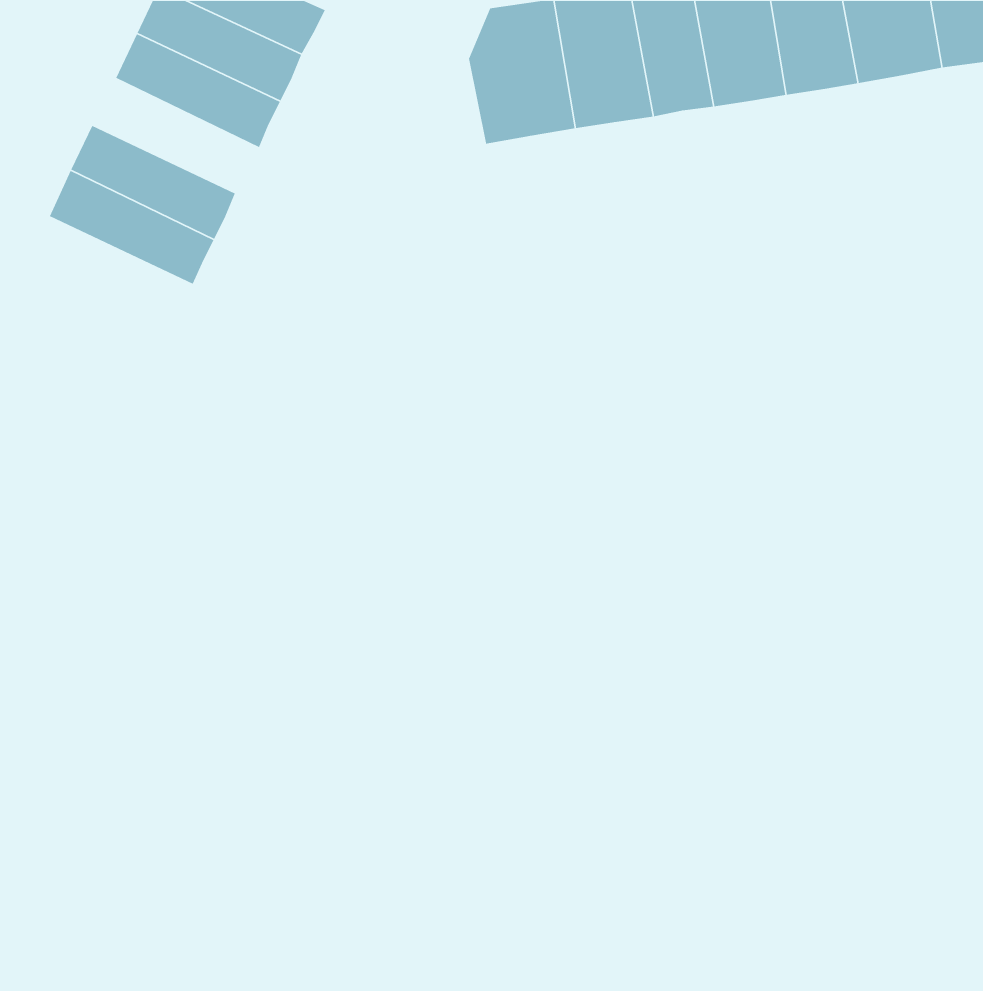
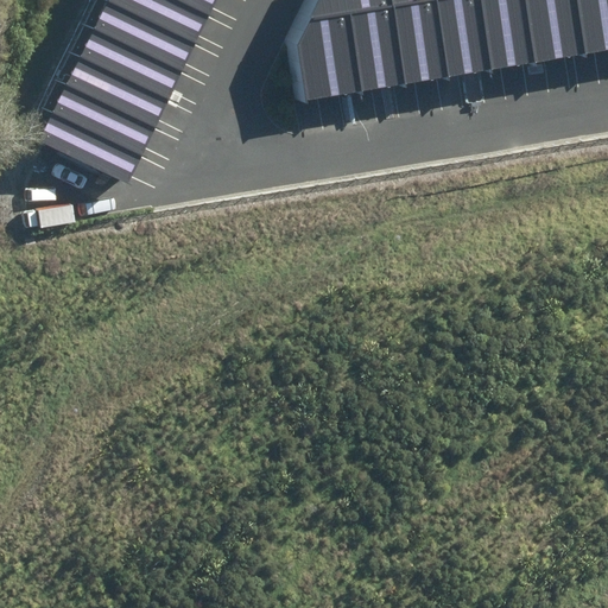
building: none -> [64,51,166,121]

